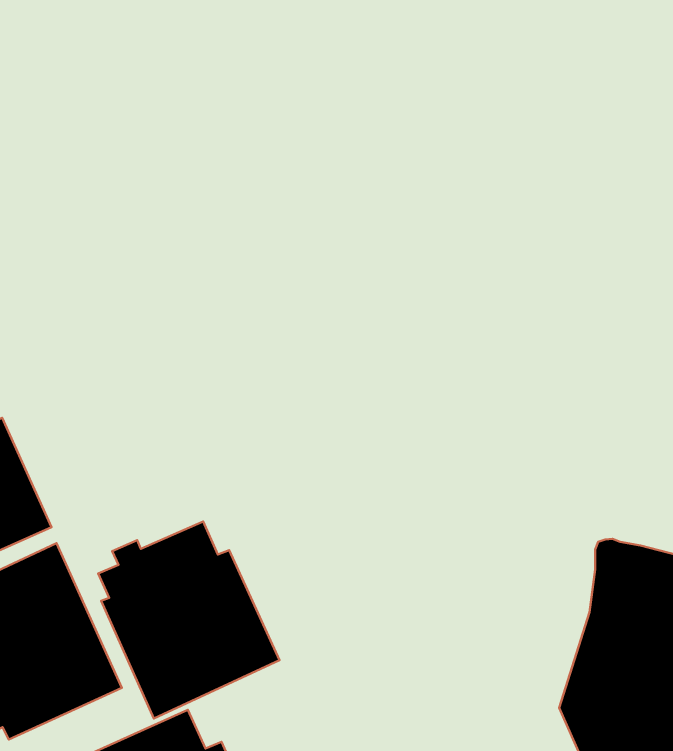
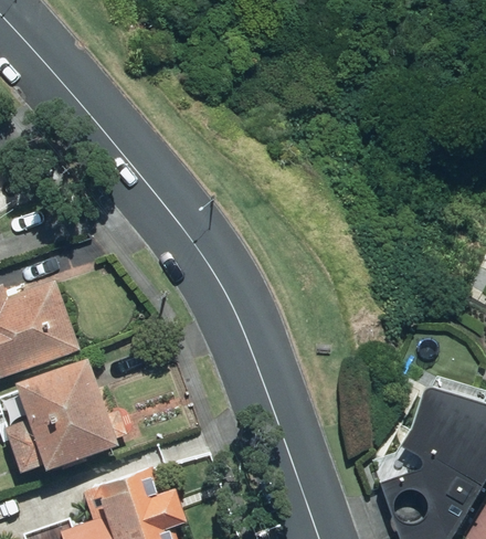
building: [98,522,280,719] -> none

